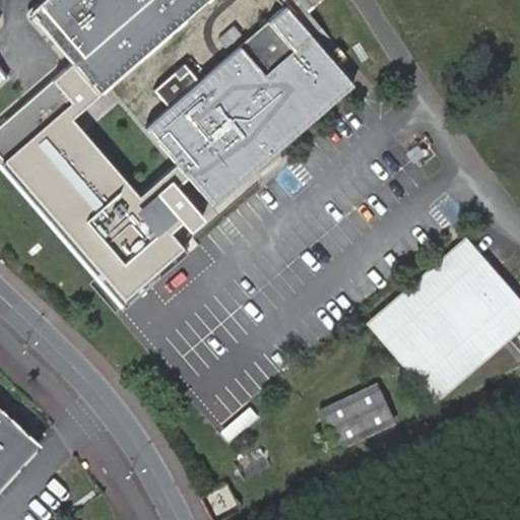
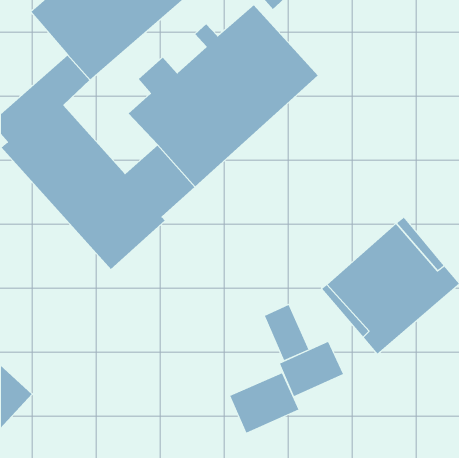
building: none -> [264,304,309,361]
building: none -> [230,373,299,433]

